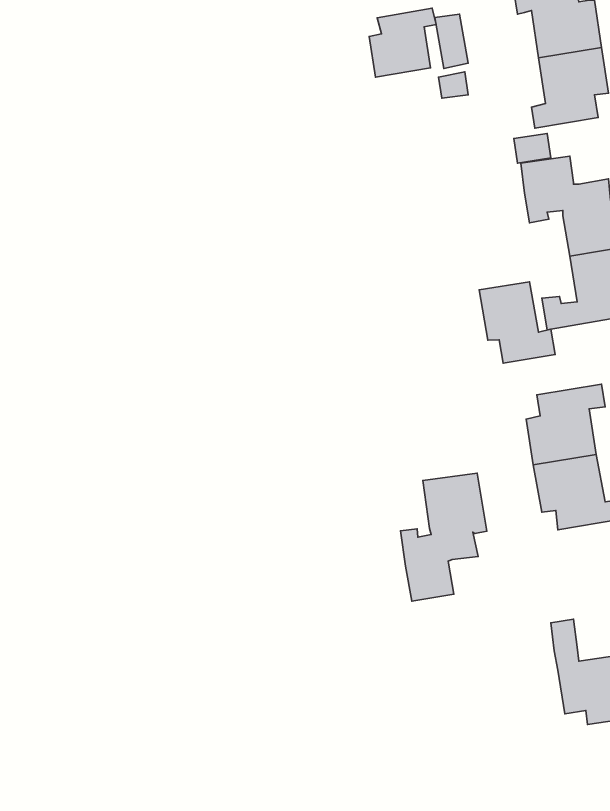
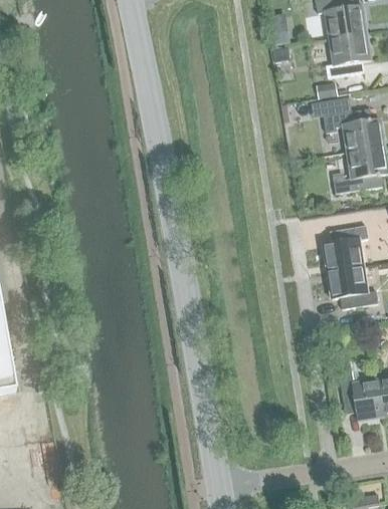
building: [369,8,436,77] -> none
building: [479,282,555,363] -> none
building: [400,473,487,601] -> none

